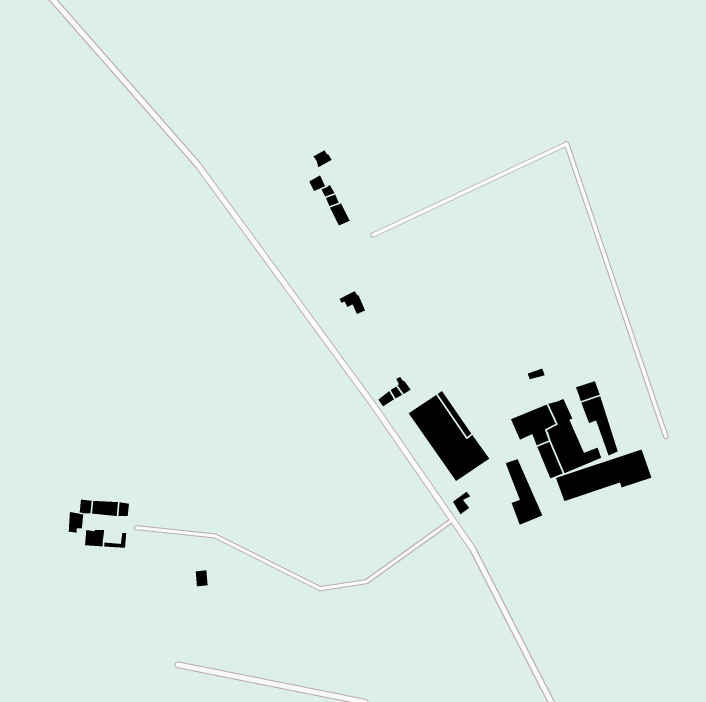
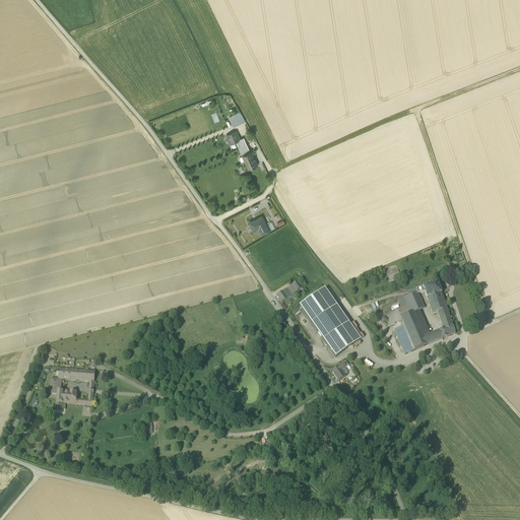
building: [555,448,653,502] -> none
building: [505,458,543,526] -> none

